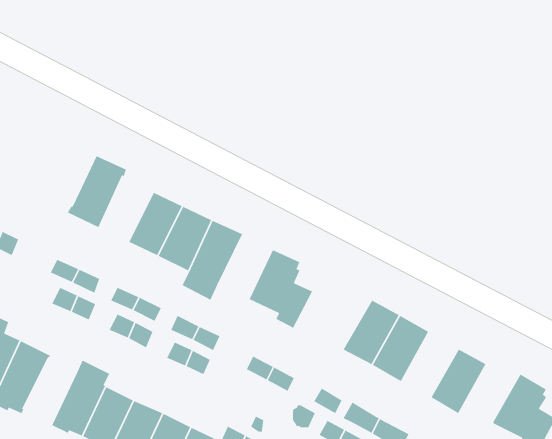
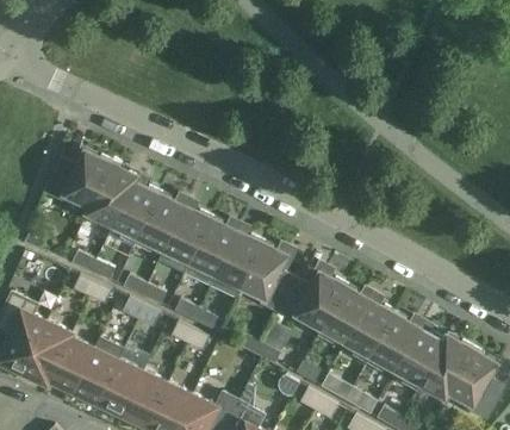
building: none -> [46,151,111,206]
building: none -> [108,181,160,247]
building: none -> [209,230,261,299]
building: none -> [279,273,346,329]
building: none -> [371,313,419,369]
building: none -> [419,335,472,398]
building: none -> [49,336,94,393]

